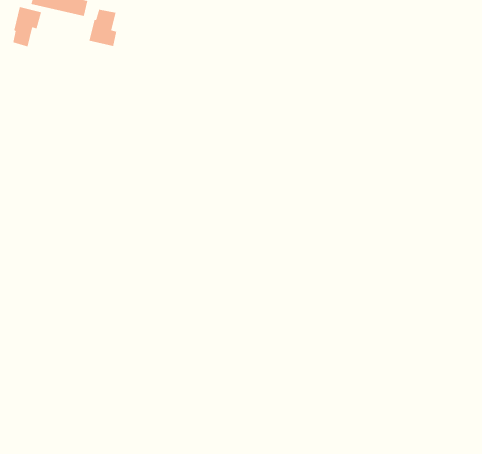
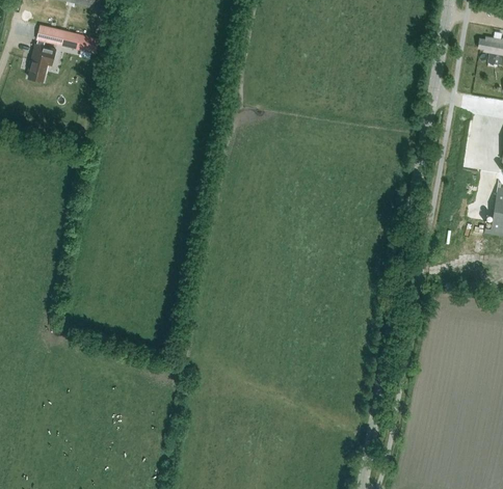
building: [89,9,117,47] -> none

